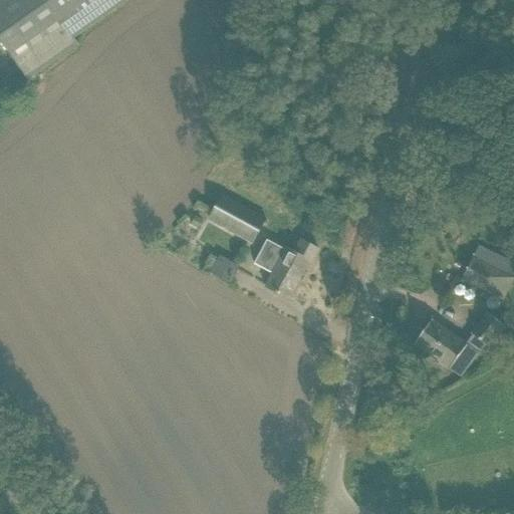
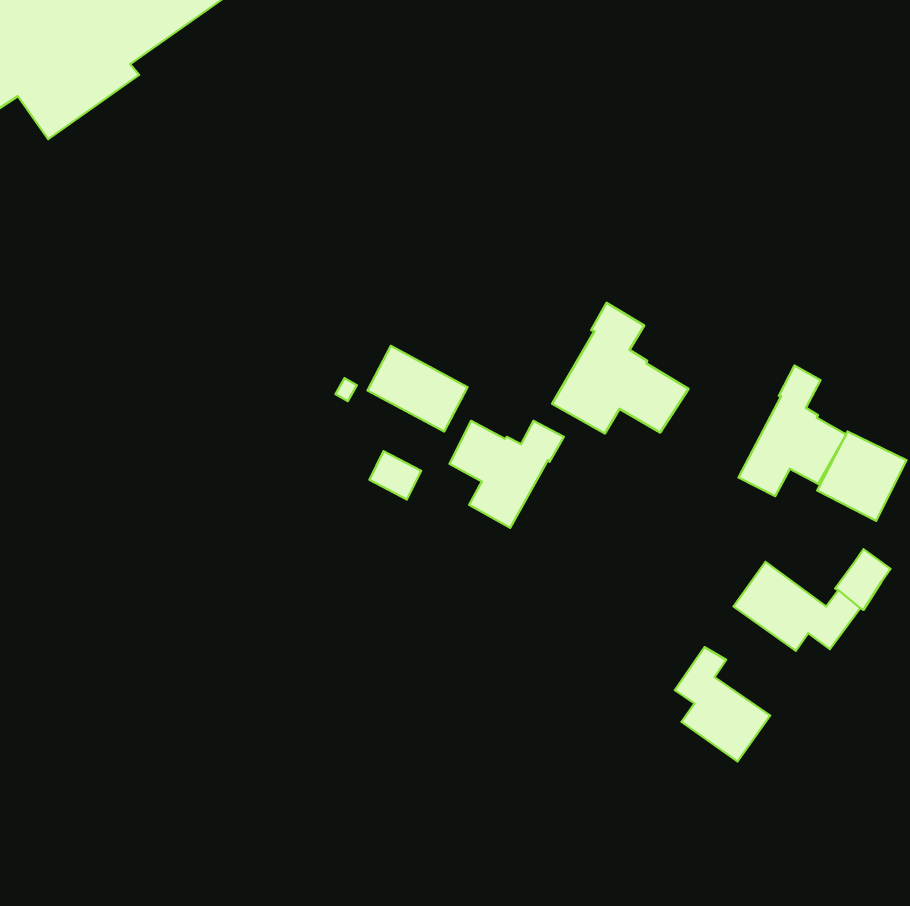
building: none -> [552,303,689,434]
building: none -> [739,366,846,496]
building: none -> [675,647,770,762]

